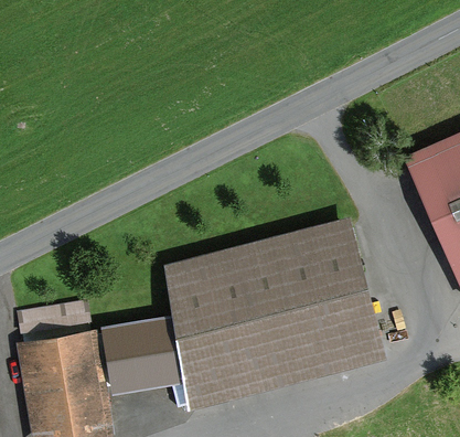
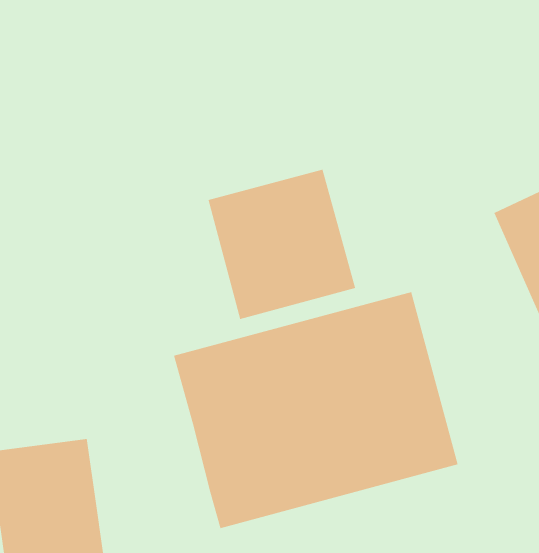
building: none -> [208,169,356,320]
building: [97,323,190,387] -> none

